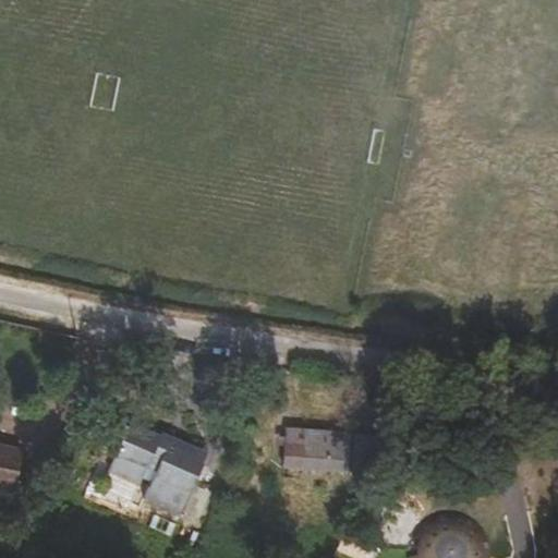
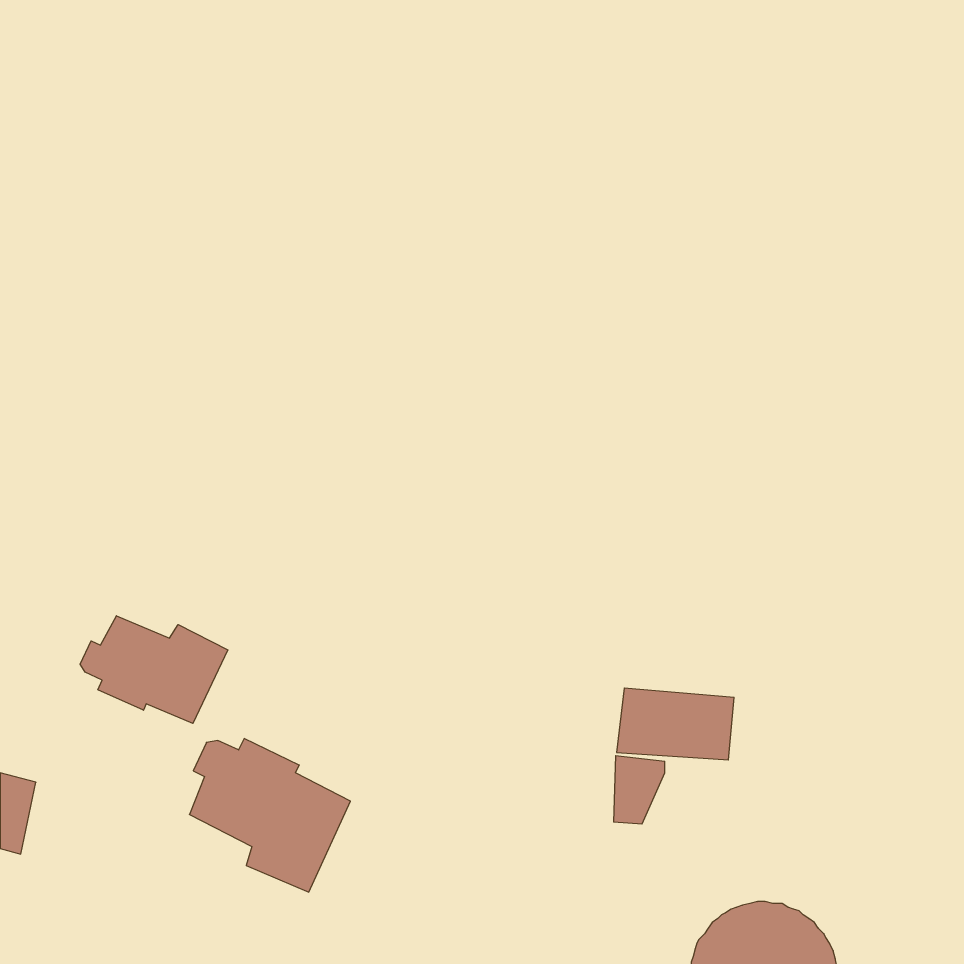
building: none -> [80,616,228,723]
building: [282,433,350,474] -> [617,688,734,760]

